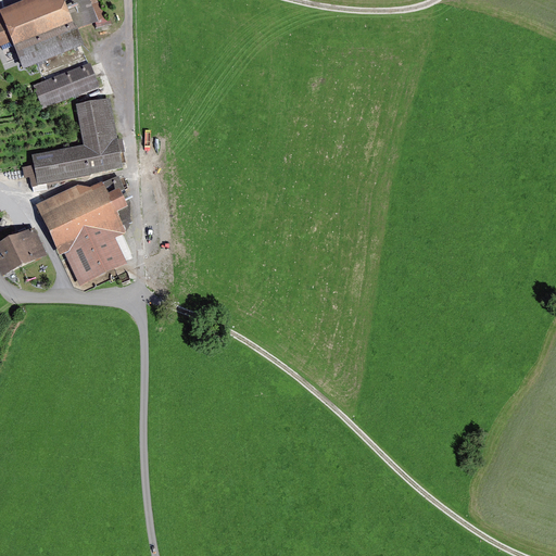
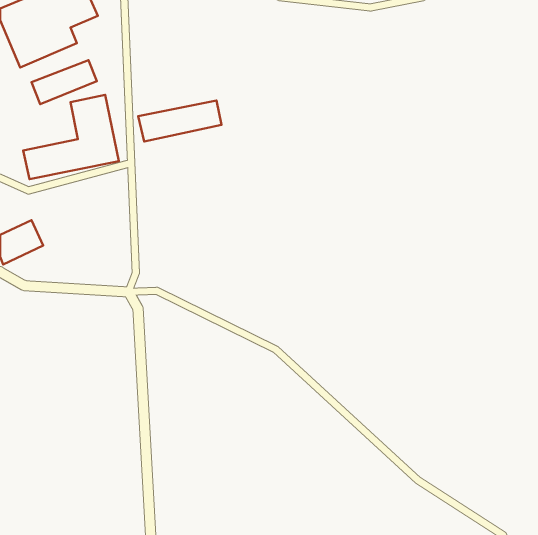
building: none -> [138,100,222,142]
building: [34,181,124,280] -> none

